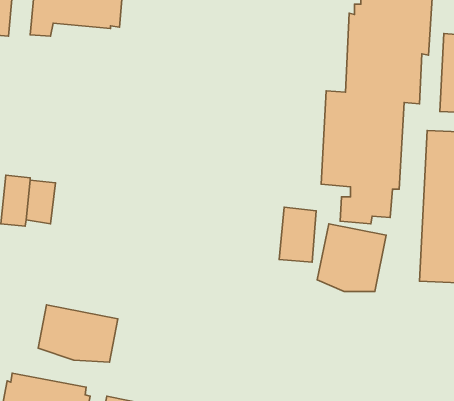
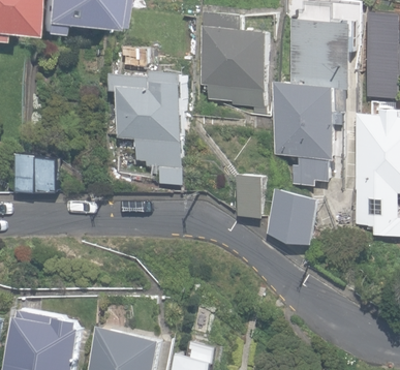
building: none -> [197,11,269,116]
building: none -> [111,70,184,184]
building: [38,305,118,362] -> none

